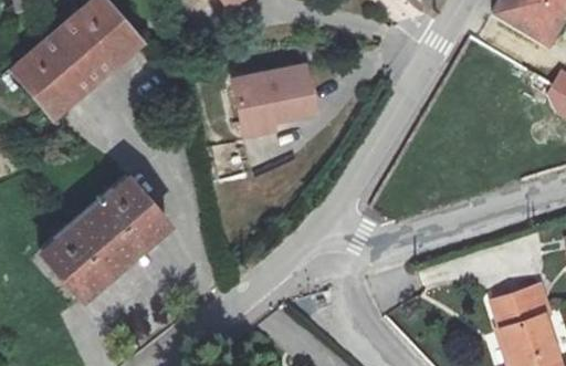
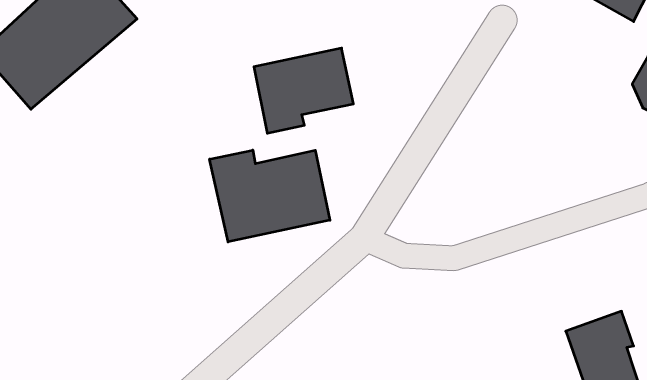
building: none -> [210,150,330,242]
building: [44,177,169,297] -> none

